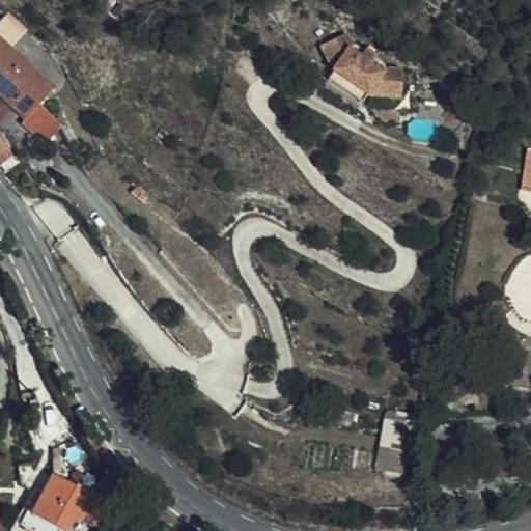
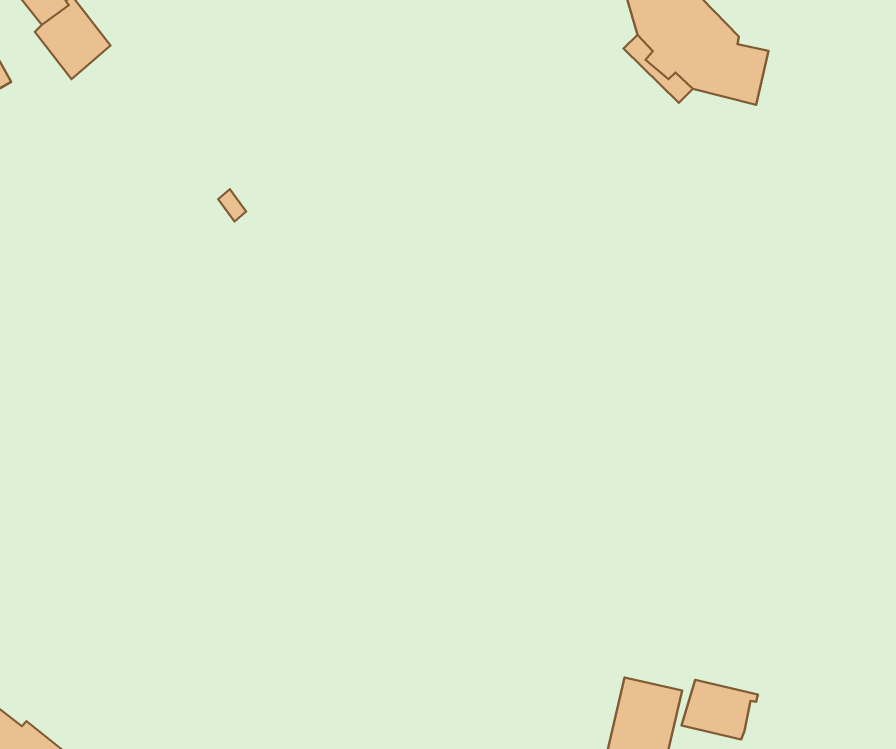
building: none -> [681,680,758,739]

